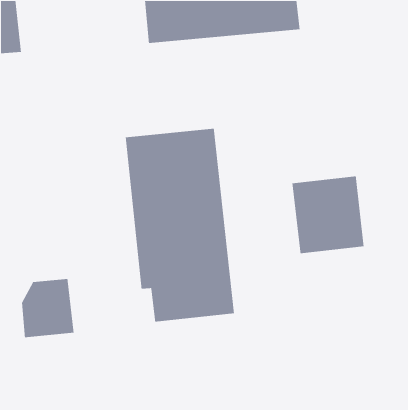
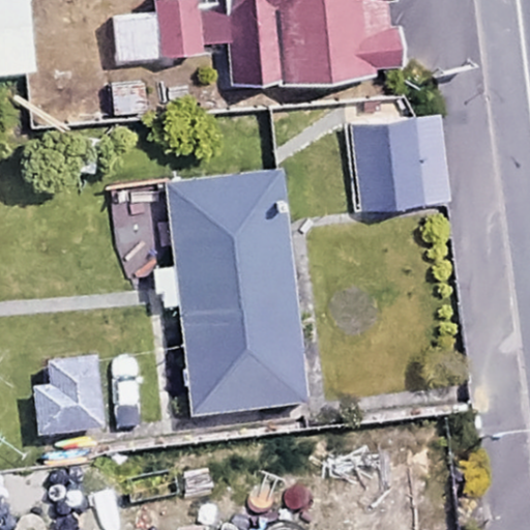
building: [292,176,364,254] -> [356,112,449,212]

